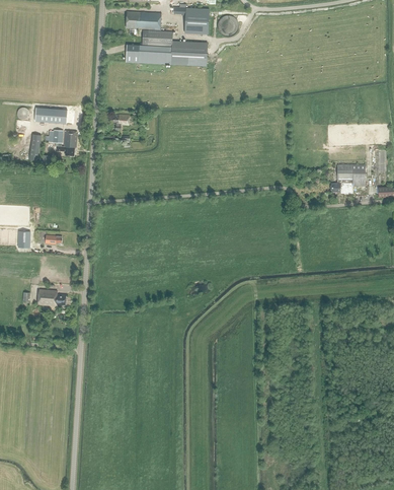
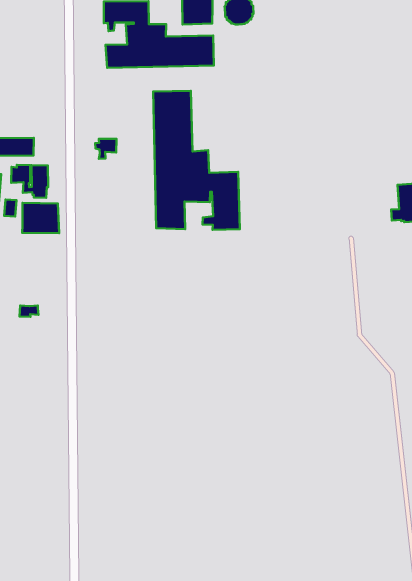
building: none -> [153,91,240,230]
building: none -> [22,203,59,233]
building: [36,289,65,305] -> none

